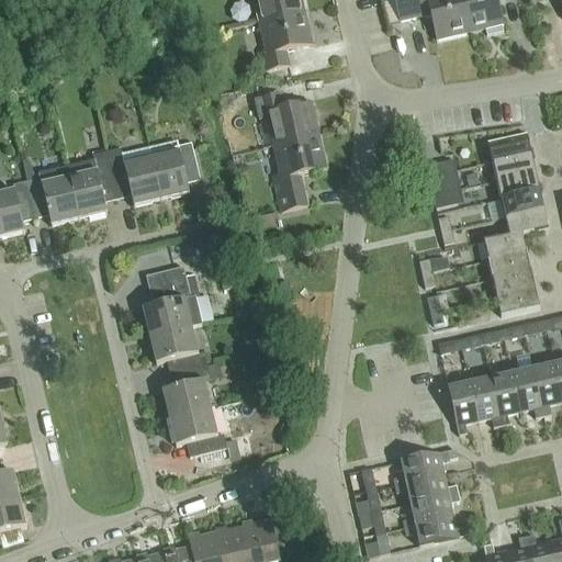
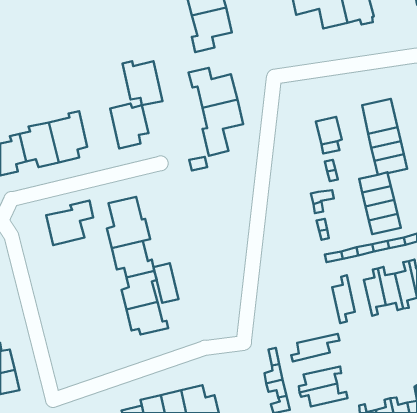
building: [106,146,160,205] -> [122,61,162,105]
building: none -> [46,200,93,245]
building: none -> [154,263,178,303]
building: [467,369,501,427] -> none
building: [394,474,458,504] -> none

